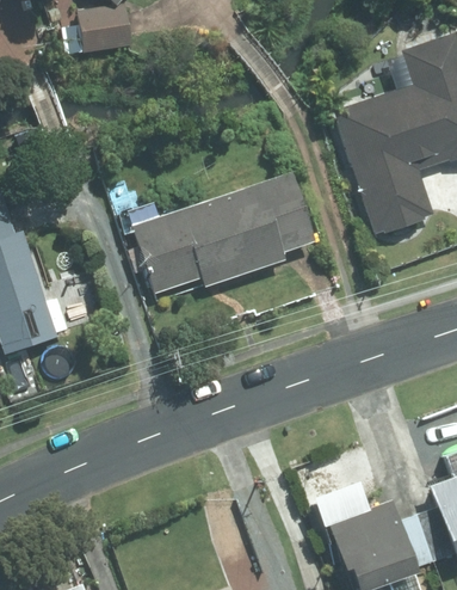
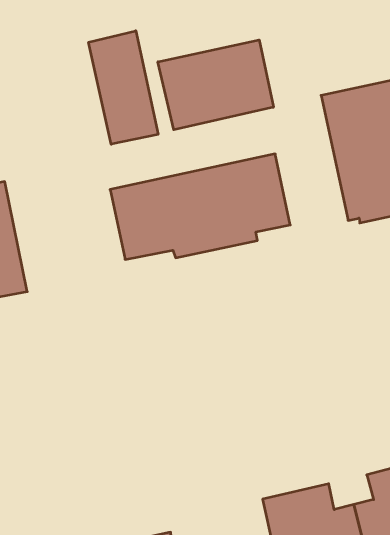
building: none -> [158,40,273,130]
building: none -> [89,31,158,144]

